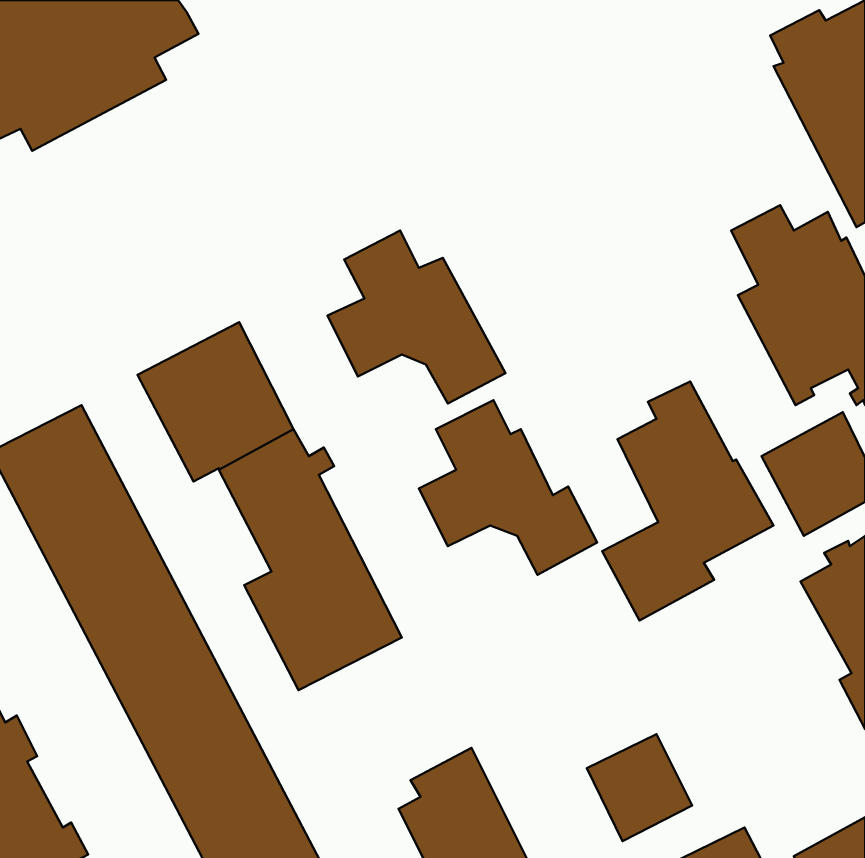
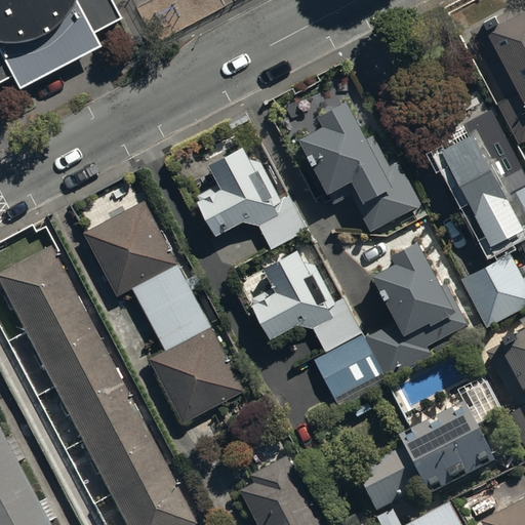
building: none -> [298,95,419,231]
building: none -> [314,333,386,405]
building: none -> [399,402,494,494]

